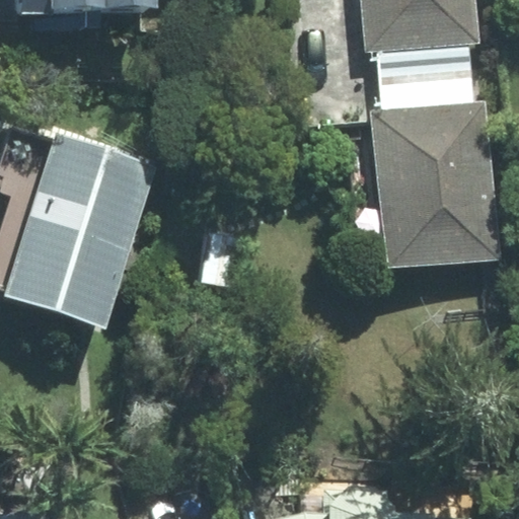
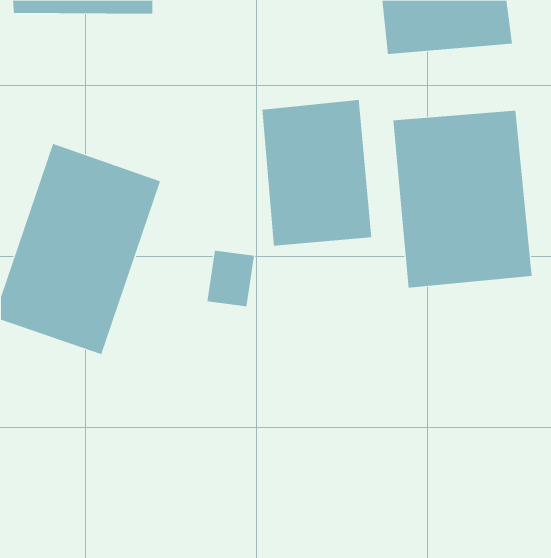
building: none -> [262,99,372,246]

